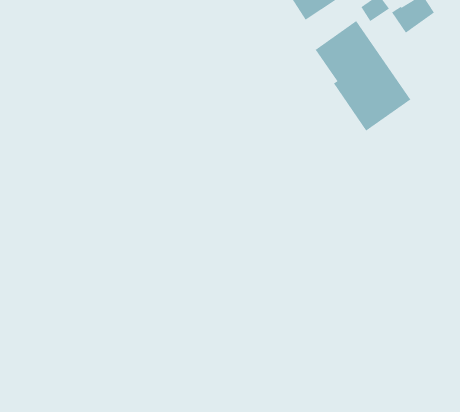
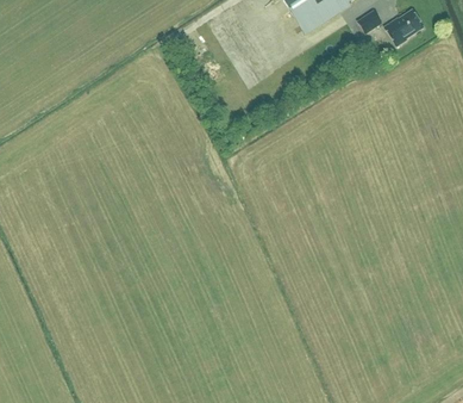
building: [315,20,411,132] -> none

